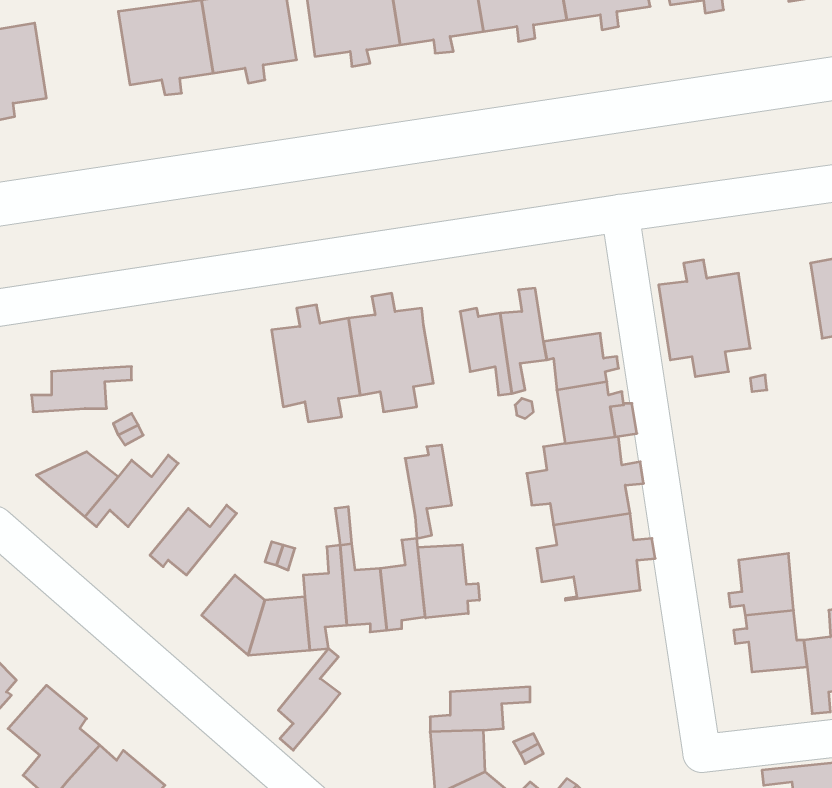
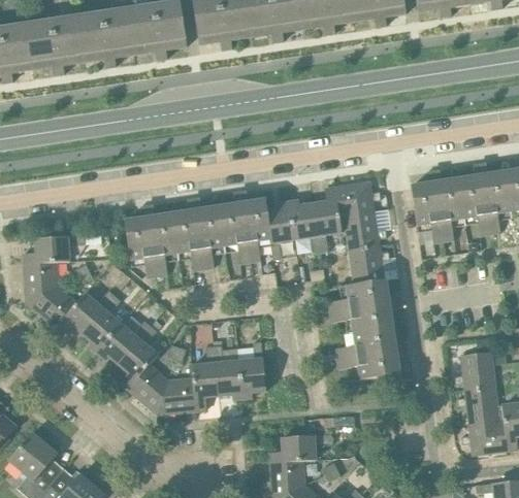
building: none -> [25,14,84,73]
building: none -> [460,161,512,233]
building: none -> [334,180,381,219]
building: none -> [124,202,179,275]
building: none -> [24,260,57,301]
building: [405,445,452,538] -> [265,200,294,258]
building: none -> [83,294,121,351]
building: [418,545,479,618] -> none
building: [278,649,340,750] -> [119,325,157,388]
building: none -> [461,420,506,453]

